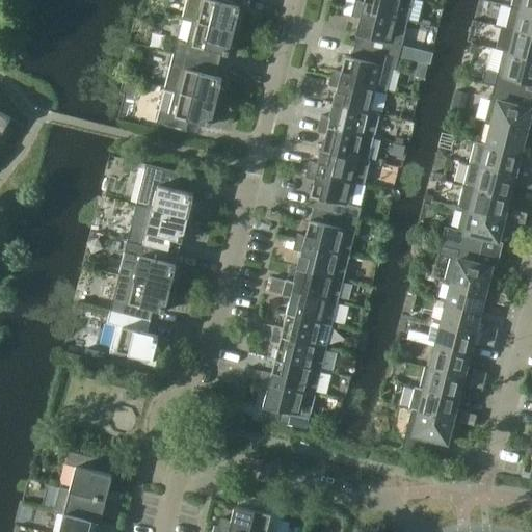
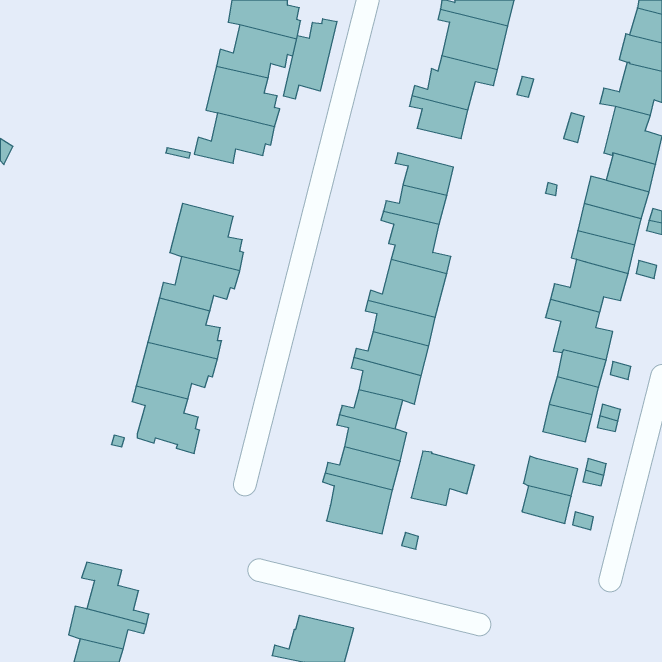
building: none -> [283,19,337,99]
building: [319,103,379,136] -> none
building: [430,346,470,376] -> none
building: [402,408,453,452] -> [411,451,475,505]

